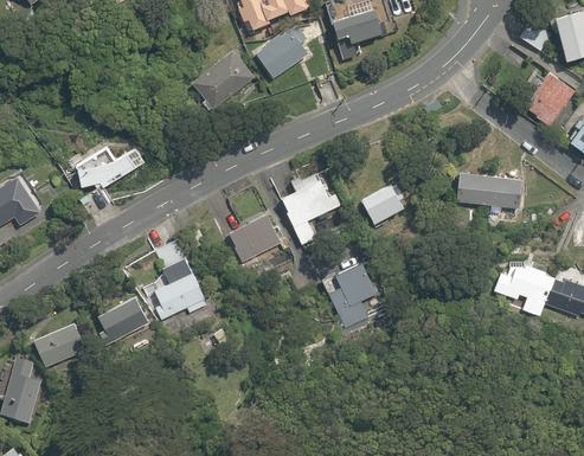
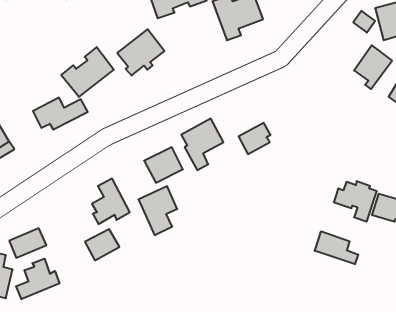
building: [255,25,308,79] -> none
building: none -> [61,47,114,97]
building: [454,169,520,207] -> none
building: [321,259,376,328] -> [138,186,177,235]
building: [100,294,148,338] -> [85,229,119,260]
building: none -> [315,231,358,264]
building: none -> [16,259,59,299]

